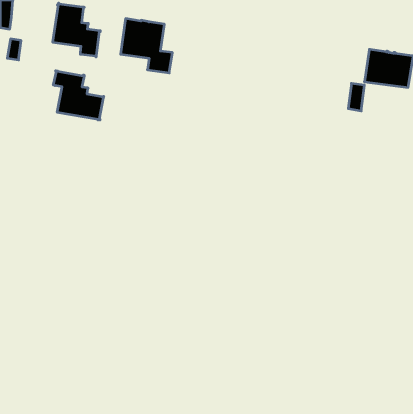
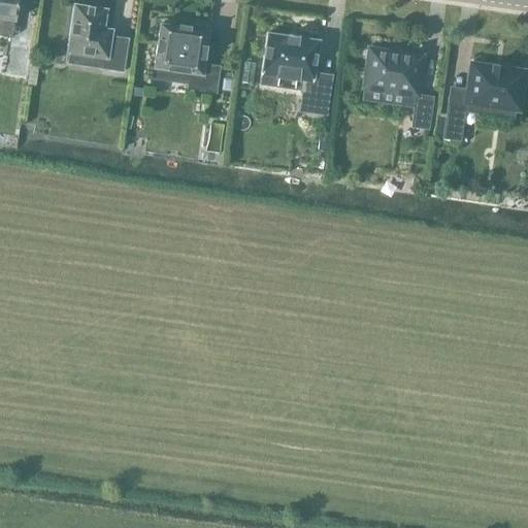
building: none -> [262,33,331,116]
building: none -> [363,47,433,129]
building: [53,71,104,120] -> none

